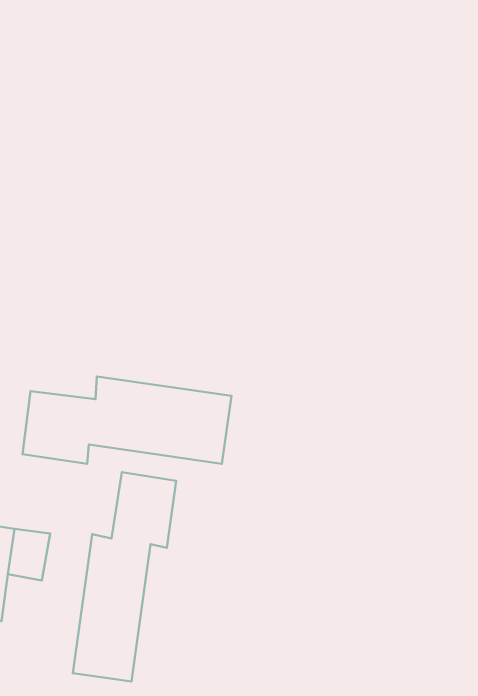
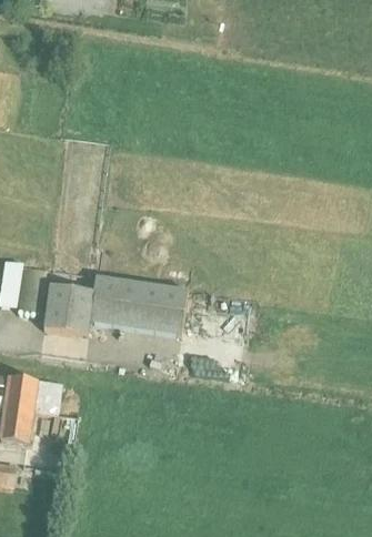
building: [73,472,176,681] -> none

